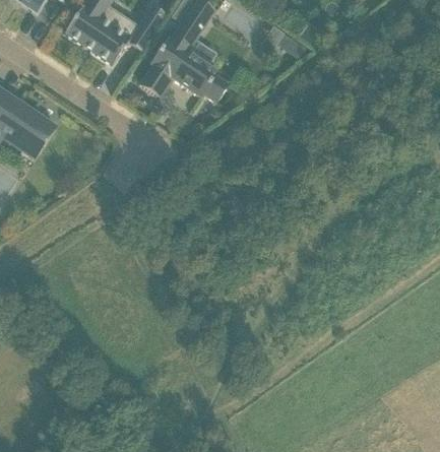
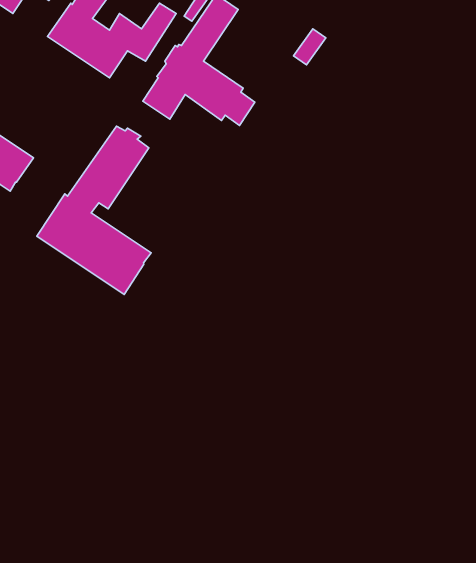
building: none -> [37,126,151,295]

